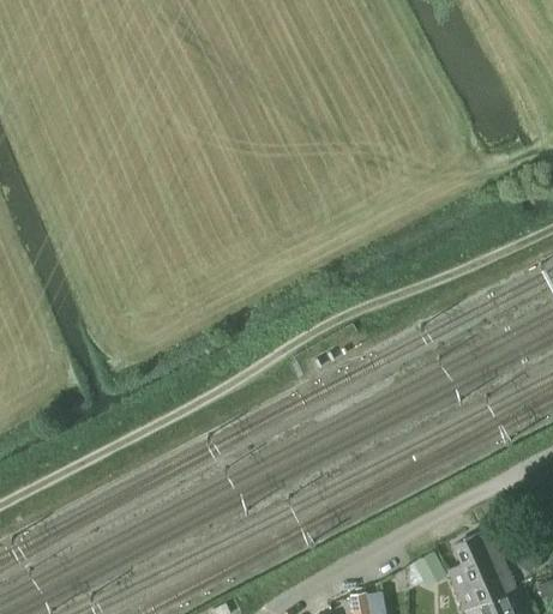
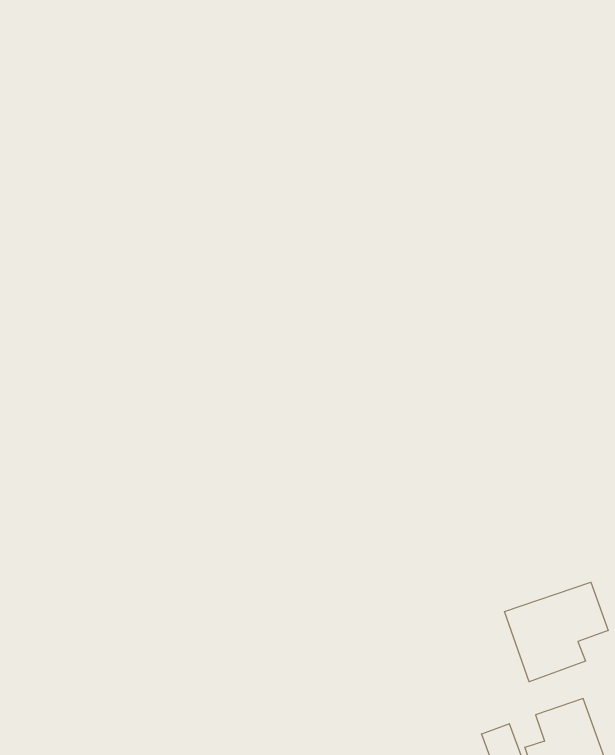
building: none -> [504,582,608,682]

